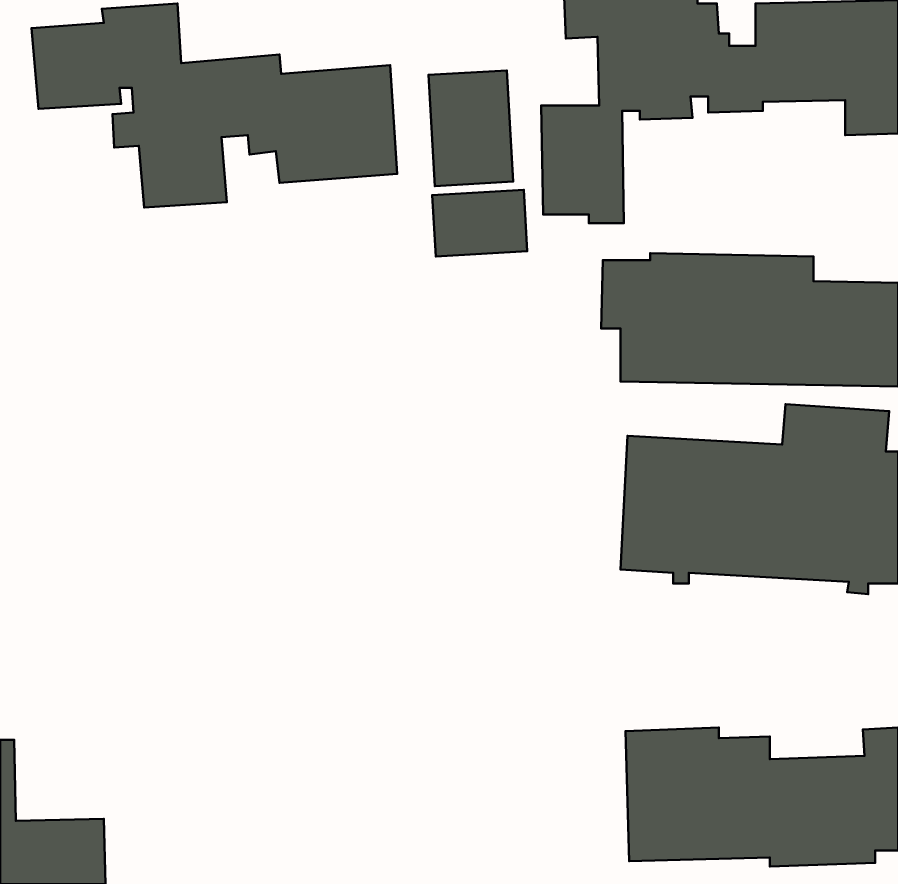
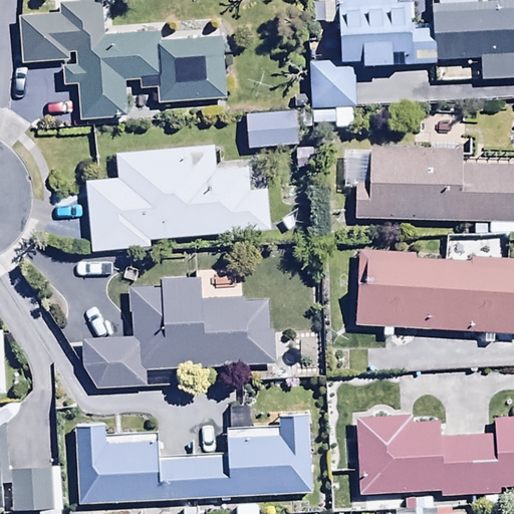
building: [428,70,513,186] -> none
building: none -> [86,145,270,253]
building: none -> [82,278,271,388]
building: none -> [74,418,312,501]

